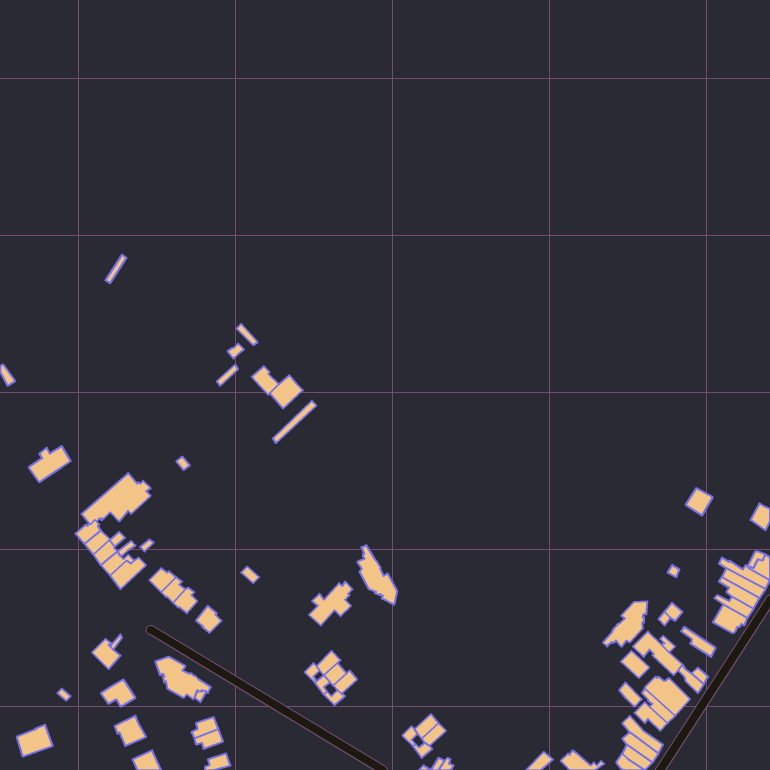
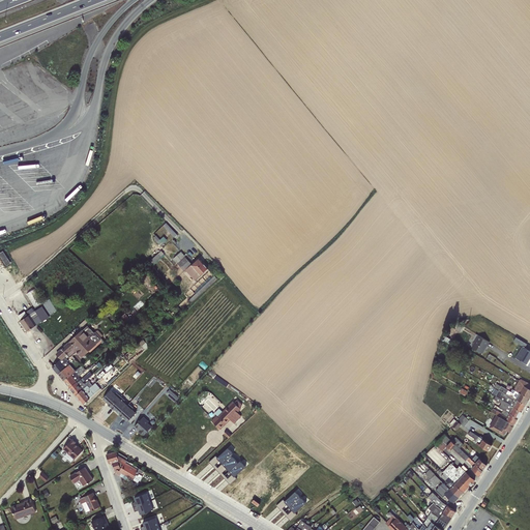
building: [357,545,397,605] -> none
building: [603,601,647,647] -> none

